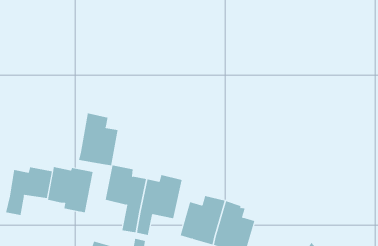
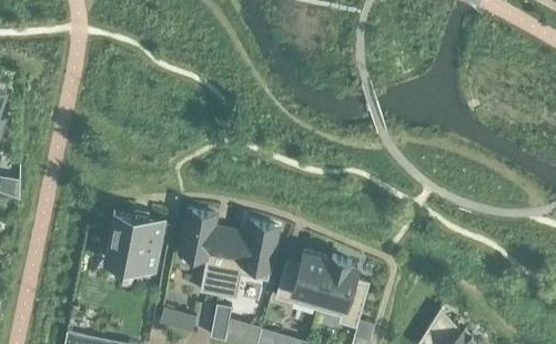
building: [78,113,118,166] -> none
building: [6,167,52,216] -> none

